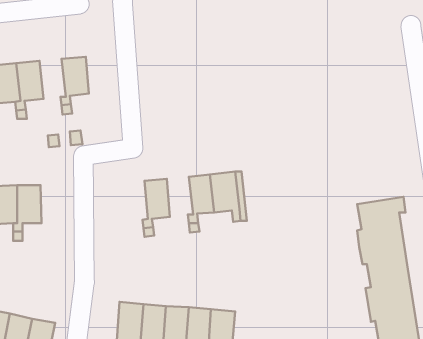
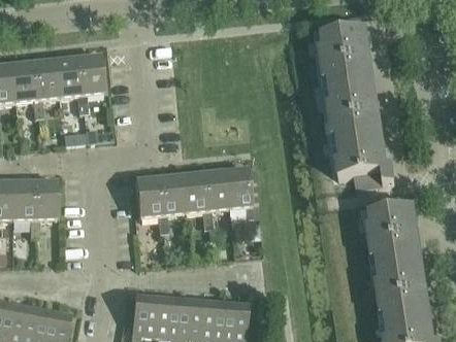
building: none -> [320,14,395,187]
building: none -> [56,58,82,97]
building: none -> [181,173,206,212]
building: none -> [134,177,162,216]

